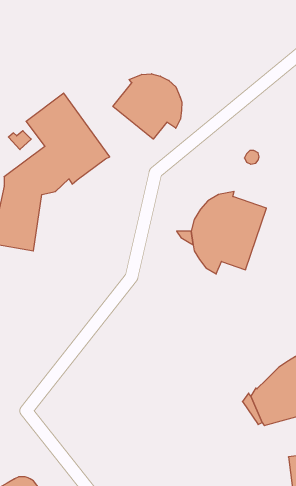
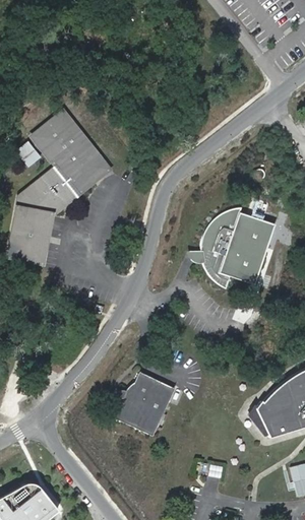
building: [113,74,182,139] -> none
building: none -> [117,373,176,435]

